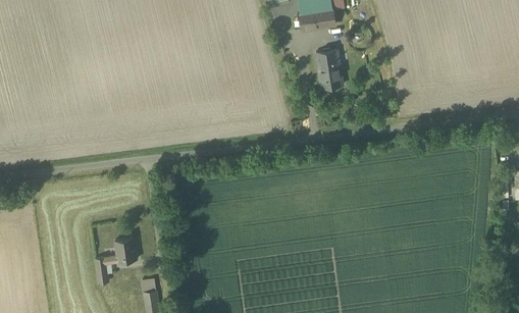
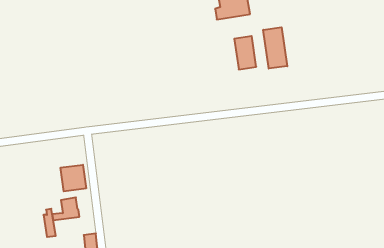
building: none -> [263,27,287,69]
building: none -> [61,165,86,191]

